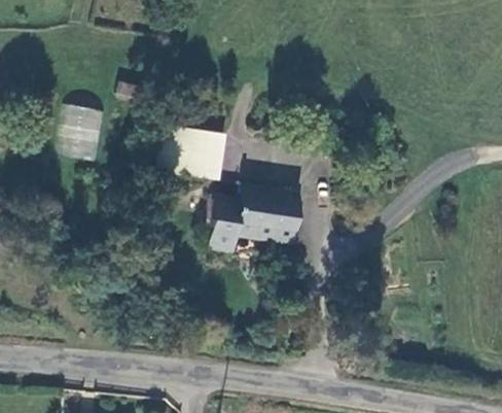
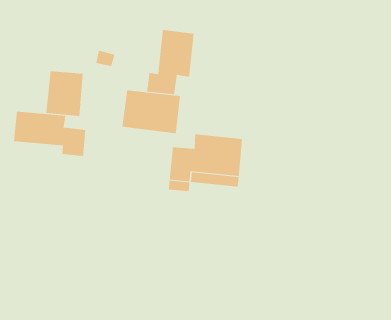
building: none -> [146,29,194,95]
building: none -> [14,111,86,157]

